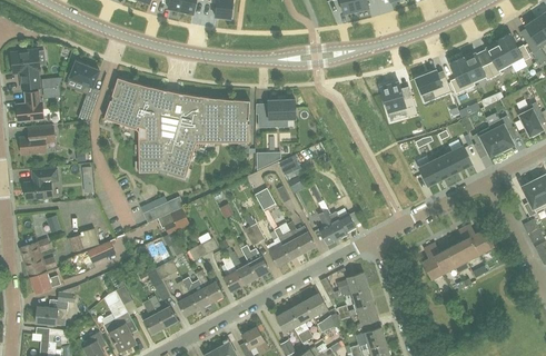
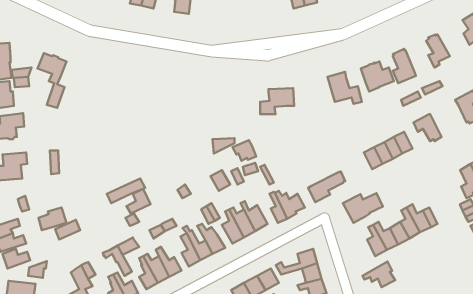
building: [497,33,529,65] -> none
building: [463,52,494,82] -> none
building: [102,77,249,179] -> none
building: [258,99,295,127] -> [260,88,294,114]
building: [487,116,513,151] -> none
building: none -> [308,172,345,202]
building: none -> [343,193,383,223]
building: none -> [363,262,395,287]

